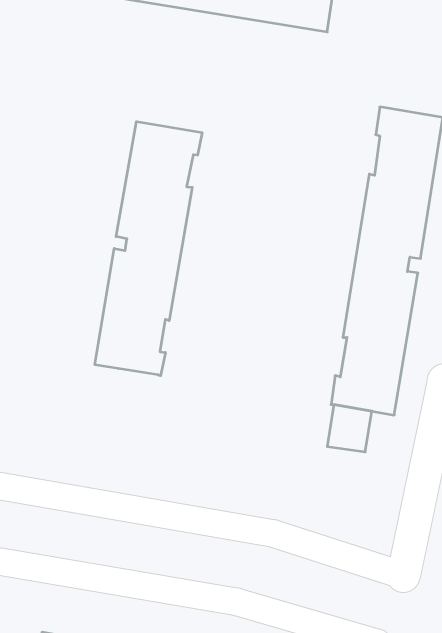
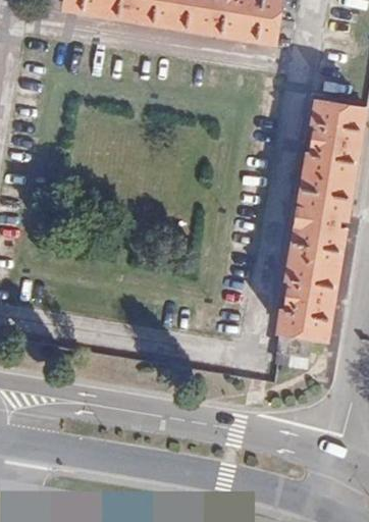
building: [95,122,202,376] -> none

